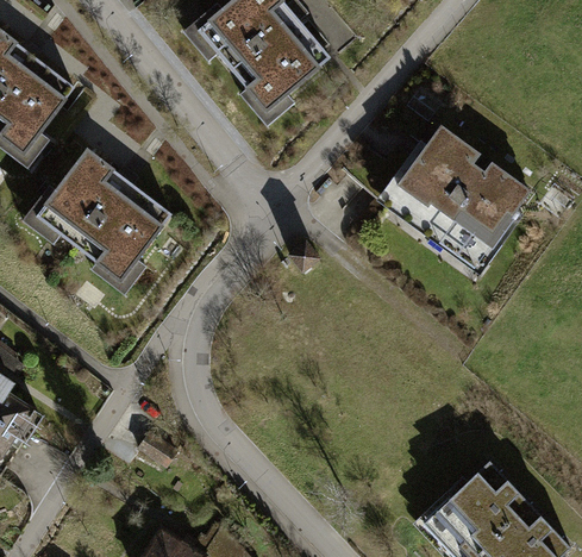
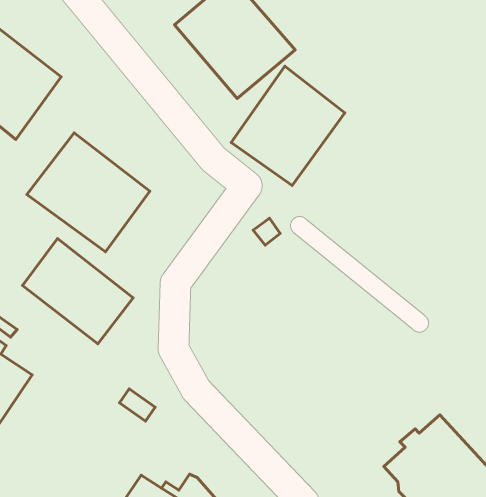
building: none -> [231,66,345,186]
building: [373,127,530,276] -> none
building: none -> [22,239,133,344]

